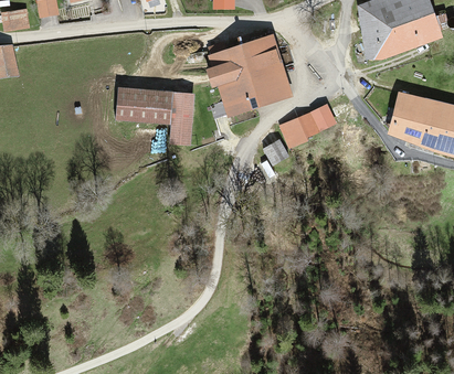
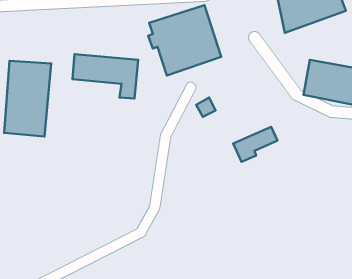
building: none -> [4,61,51,136]
building: [279,104,332,146] -> [233,127,278,162]

